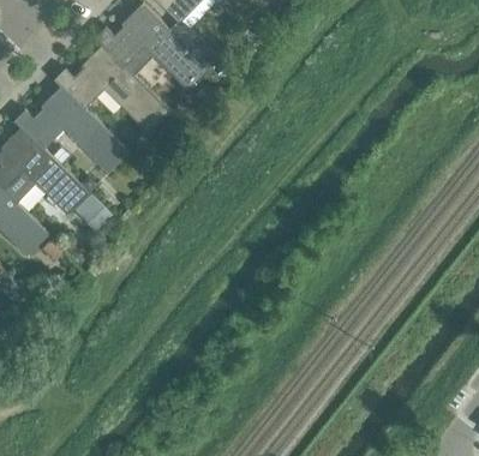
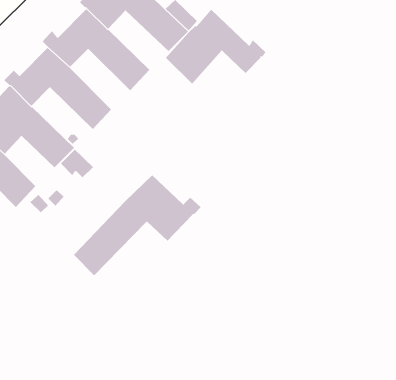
building: none -> [165,8,266,85]
building: none -> [73,175,201,276]

